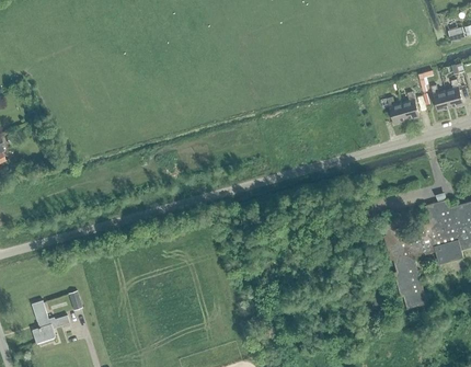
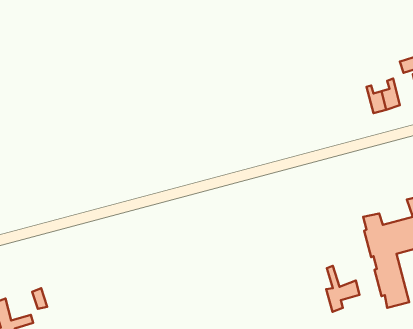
building: none -> [326,266,360,312]

